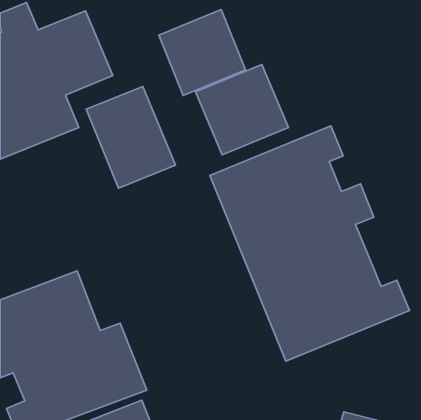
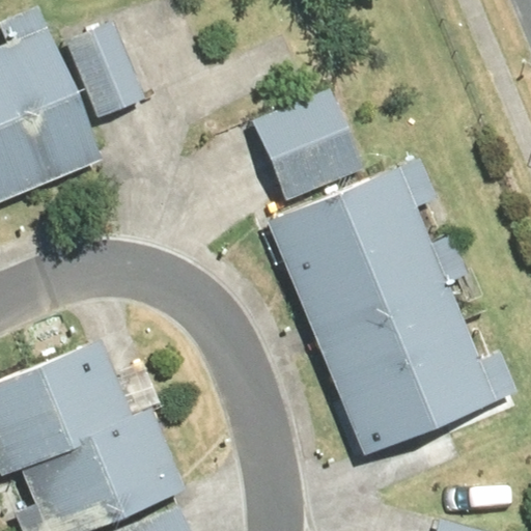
building: [159,10,245,95] -> none
building: [86,86,176,188] -> none

